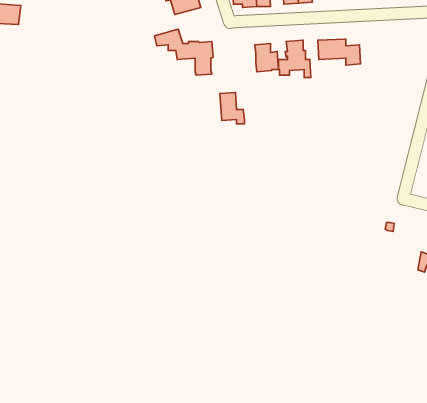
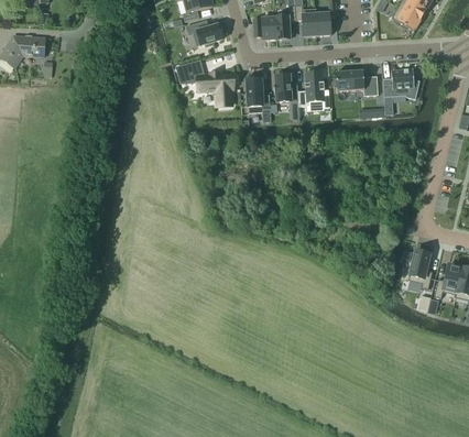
building: none -> [382,67,419,97]
building: [220,92,244,124] -> [246,77,270,108]
building: none -> [407,247,432,288]

